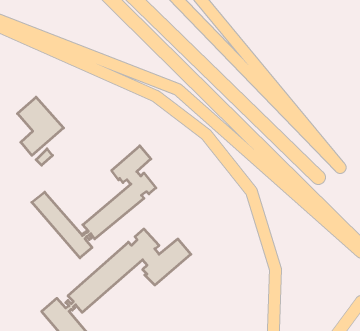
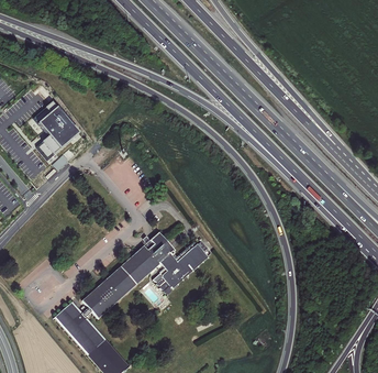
building: [32,146,156,258] -> none

